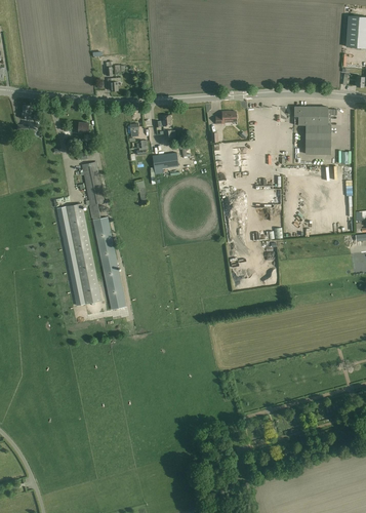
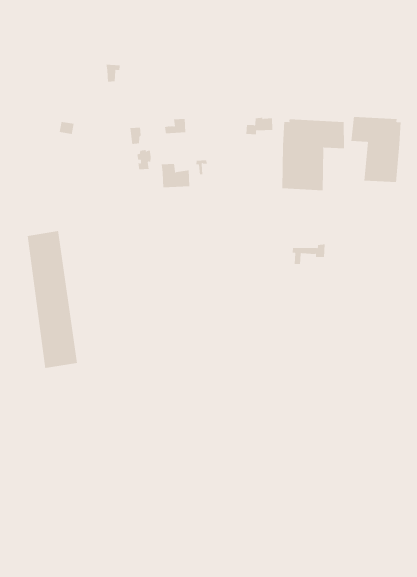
building: none -> [282,118,344,191]
building: [82,162,126,310] -> none

